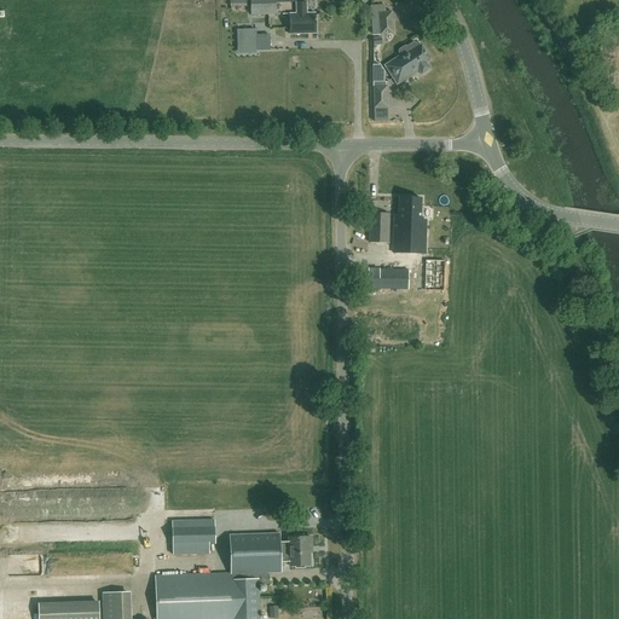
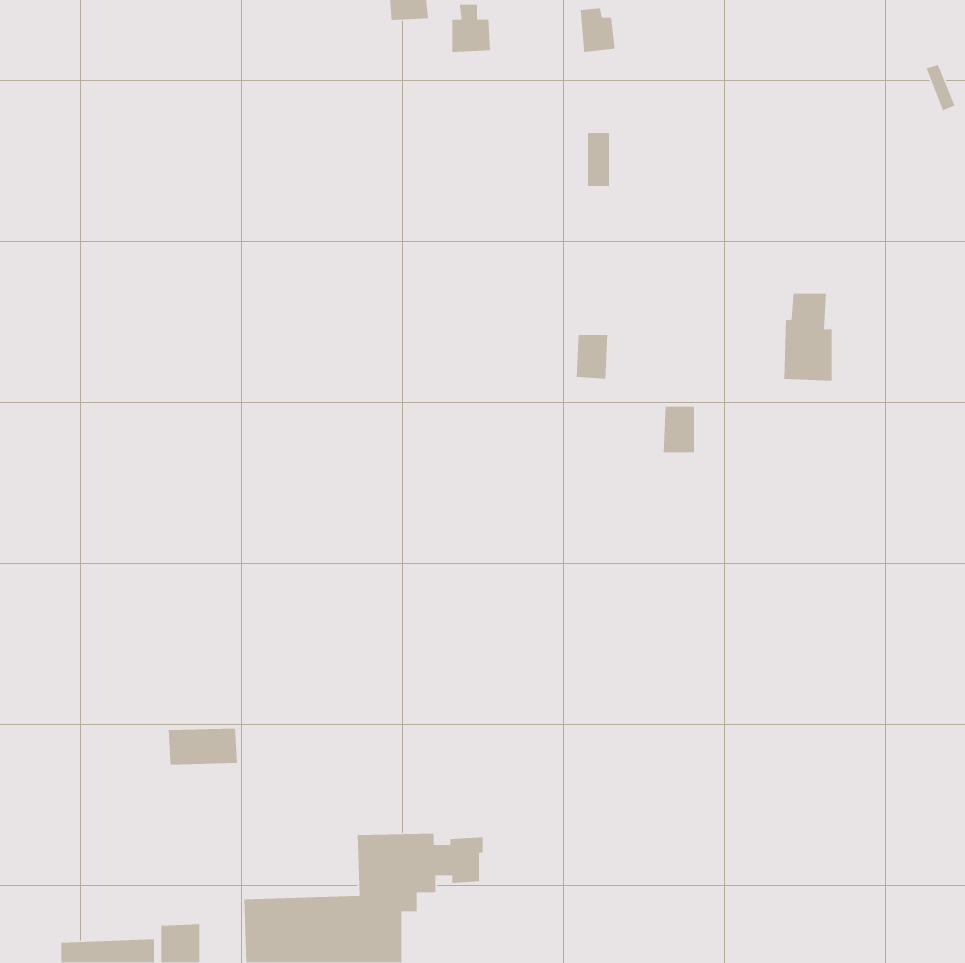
building: [237,28,271,53] -> none
building: [383,41,430,85] -> none
building: [393,197,424,254] -> [783,293,833,382]
building: [363,268,409,289] -> none
building: [170,520,215,544] -> [168,728,238,766]

